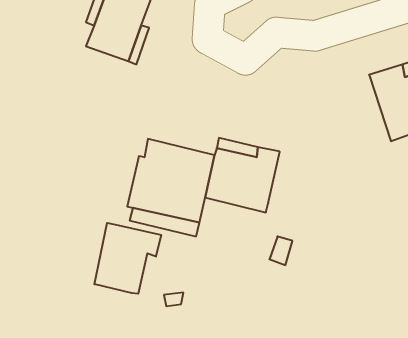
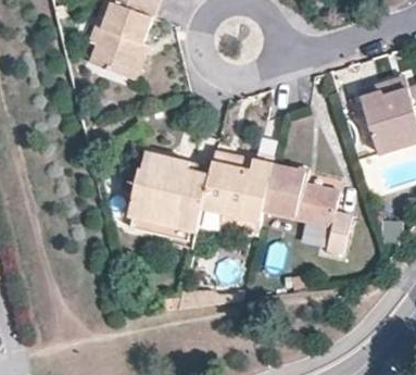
building: none -> [261,161,350,253]
building: [94,223,161,294] -> none

